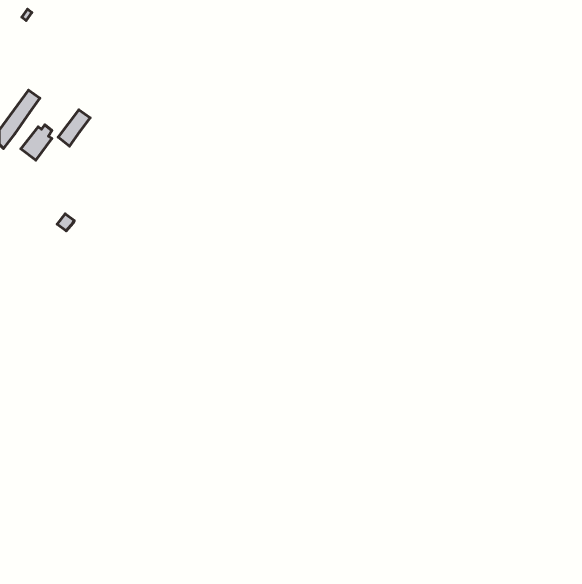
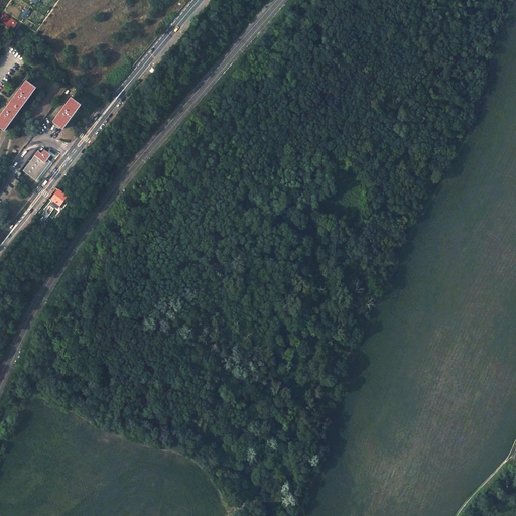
building: [21,125,52,160] -> [22,149,49,180]

